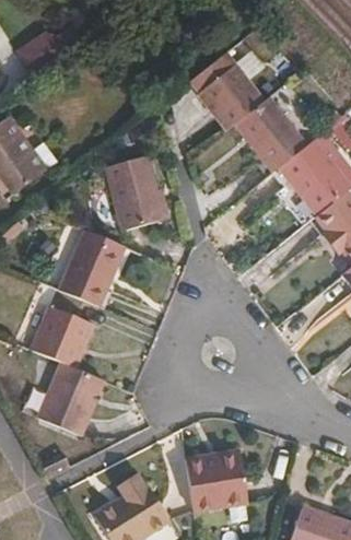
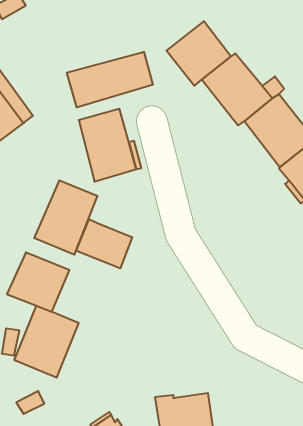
building: none -> [67,52,153,107]
building: none -> [76,219,132,269]

